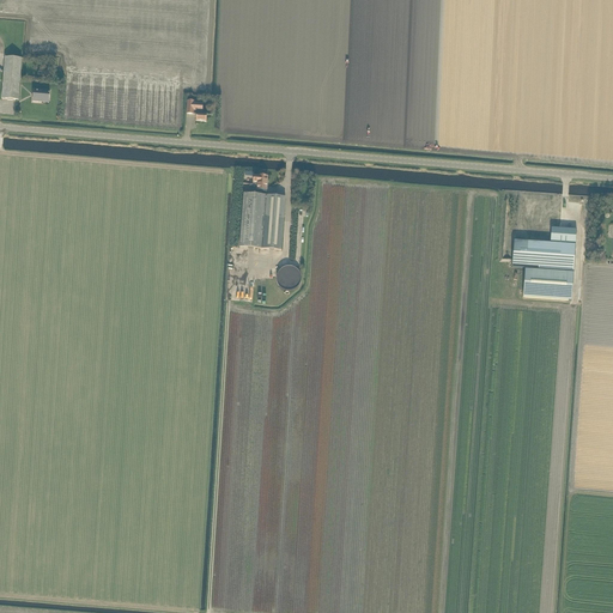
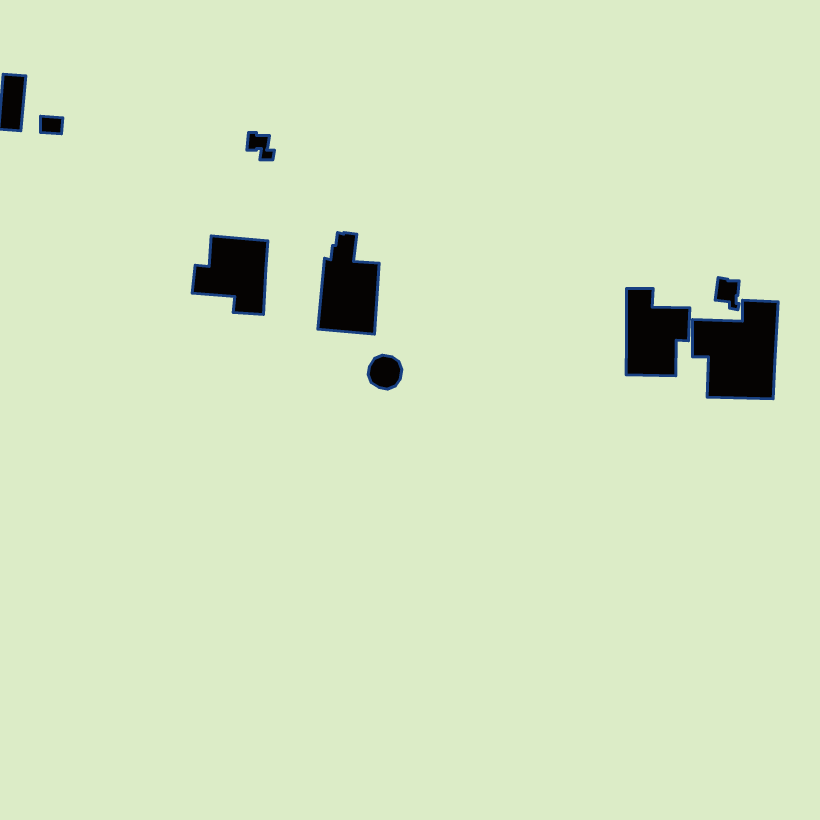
building: none -> [192,236,268,314]
building: none -> [626,289,690,376]

